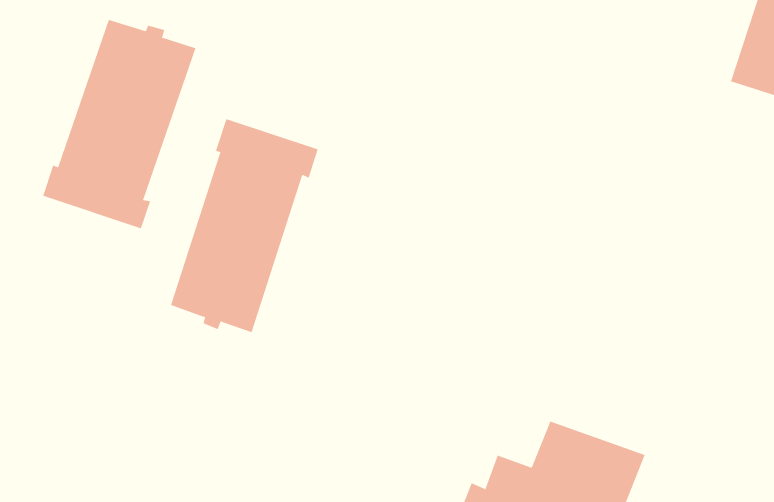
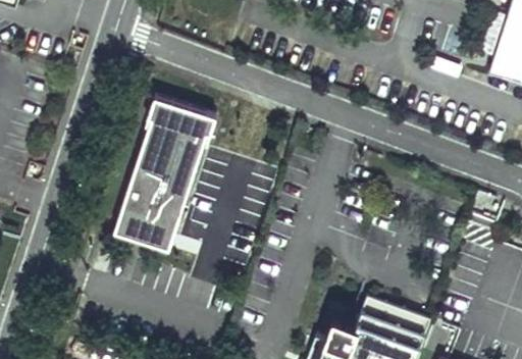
building: [42,19,196,229] -> none

